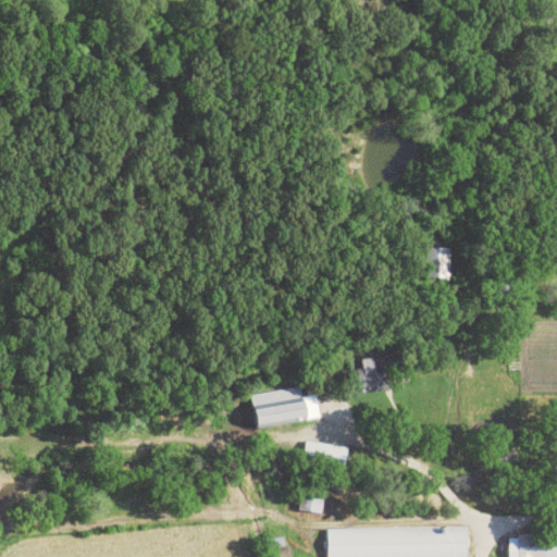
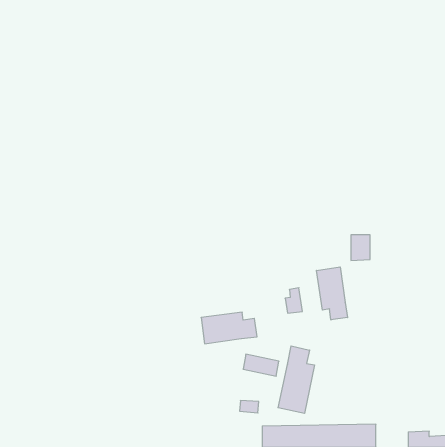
building: [428,248,451,280] -> [351,235,370,260]
building: none -> [316,267,348,320]
building: none -> [278,346,314,413]

